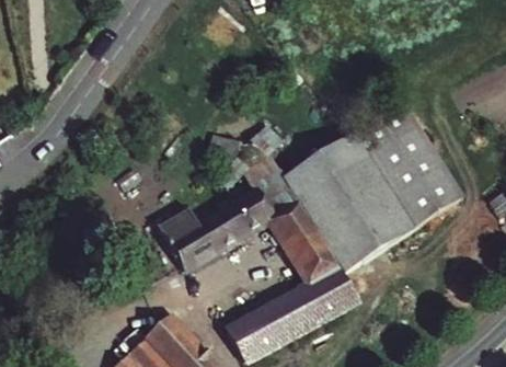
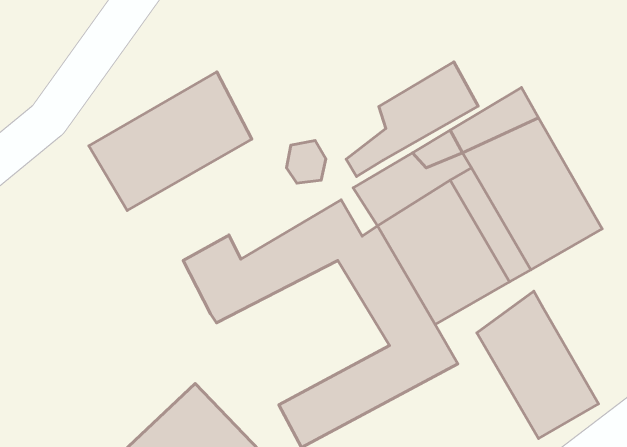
building: none -> [346,62,478,176]
building: none -> [89,72,252,211]
building: none -> [477,291,598,439]

